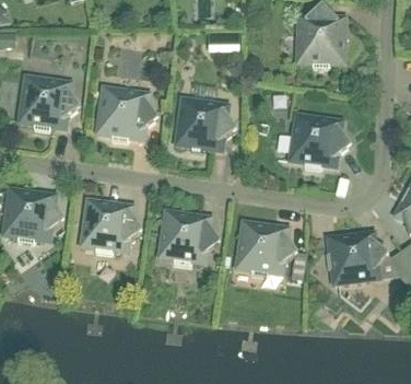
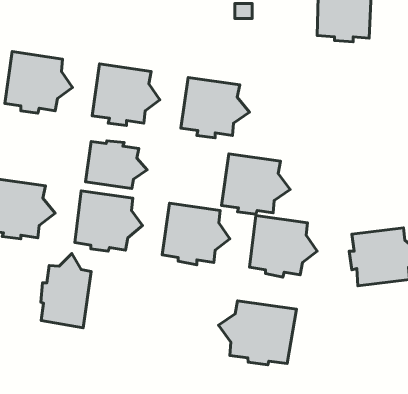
building: [289,113,350,166] -> [221,154,290,214]
building: none -> [85,141,147,189]
building: none -> [41,254,91,328]
building: none -> [218,301,296,365]

